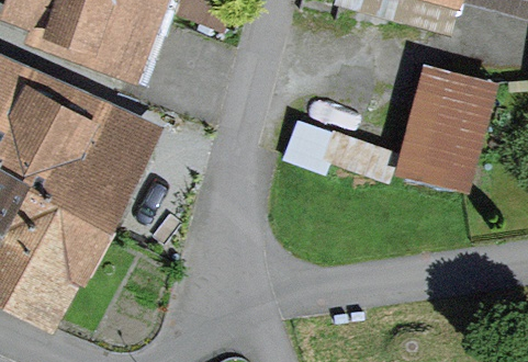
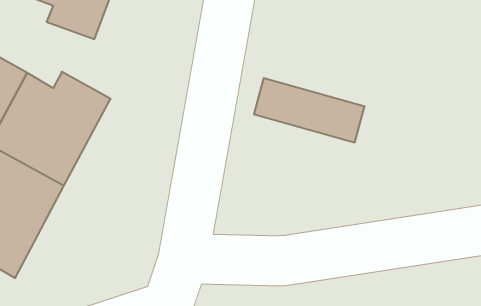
building: [398,68,496,191] -> none

